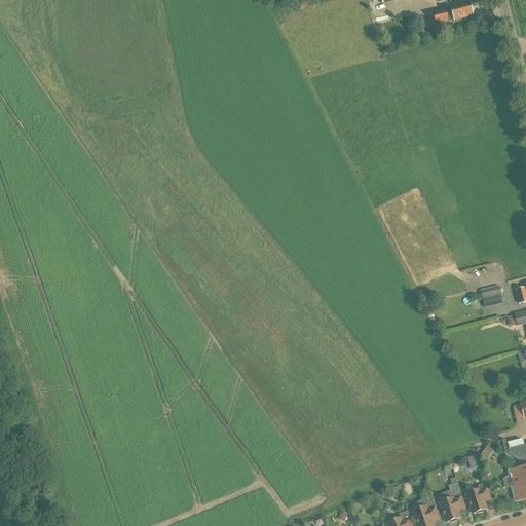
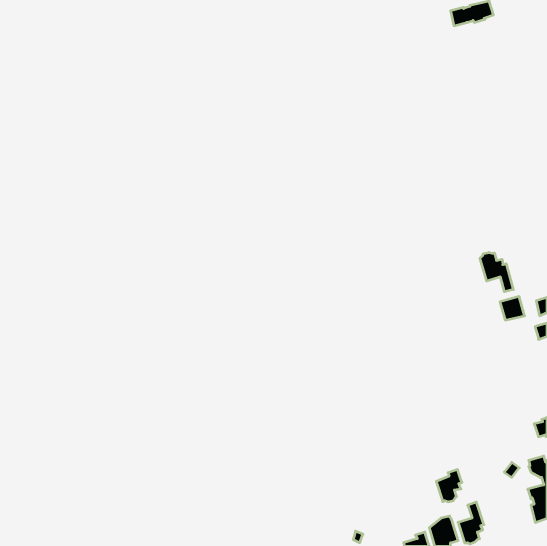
building: none -> [480,252,513,292]
building: [466,482,491,513] -> [436,470,462,502]

